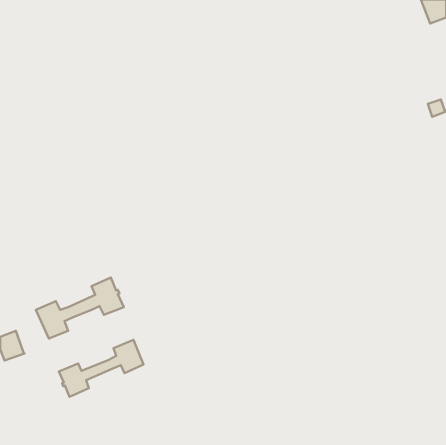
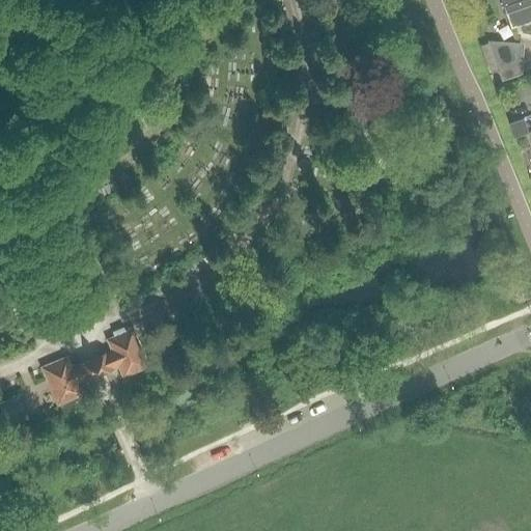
building: none -> [490,41,522,67]
building: [59,340,143,397] -> none

